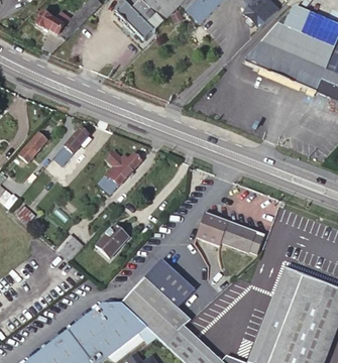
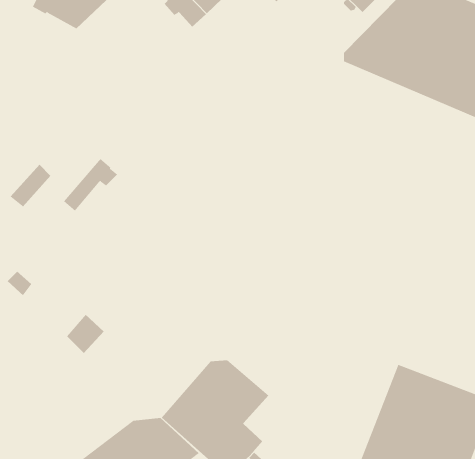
building: [100,150,140,193] -> none
building: [195,213,262,253] -> none
building: [95,223,128,257] -> none

